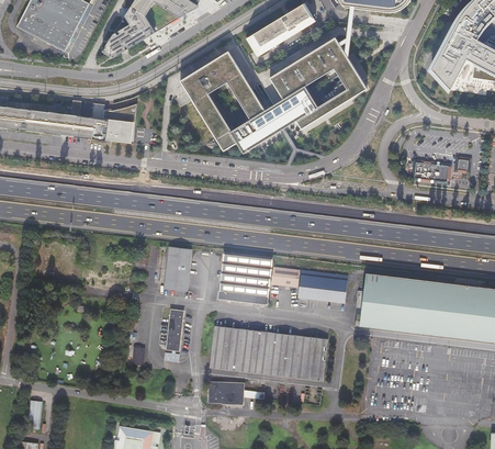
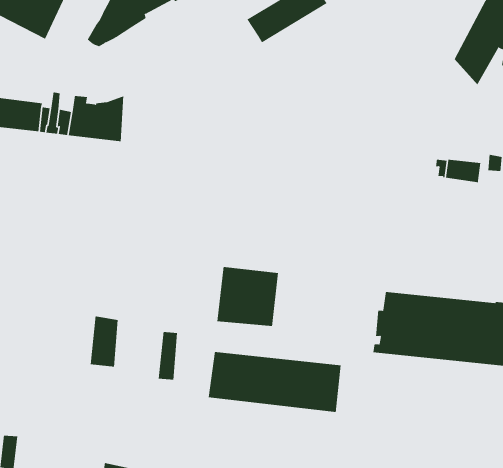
building: [179,36,369,151] -> none
building: [165,247,190,292] -> [90,316,119,367]
building: [297,270,349,304] -> none
building: [209,383,243,404] -> none

